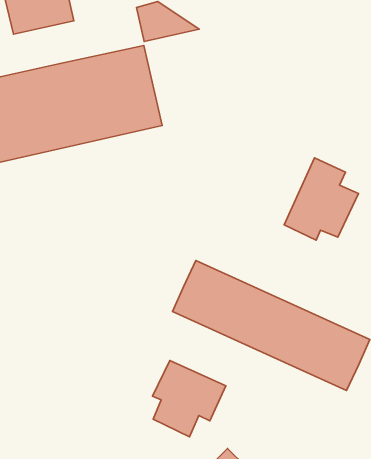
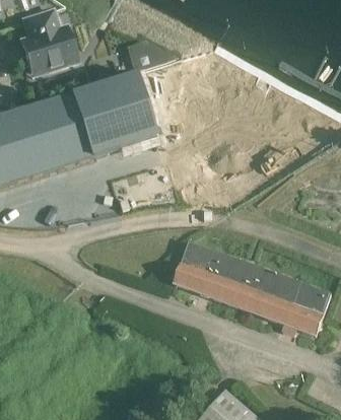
building: [284,158,358,240] -> none
building: [153,360,226,437] -> none

